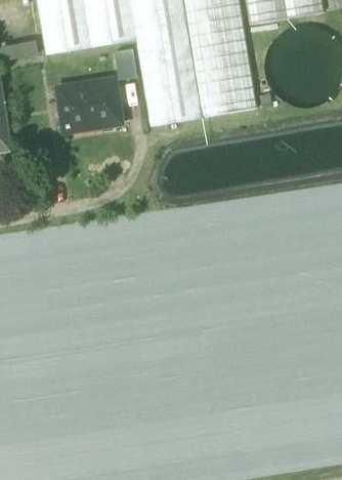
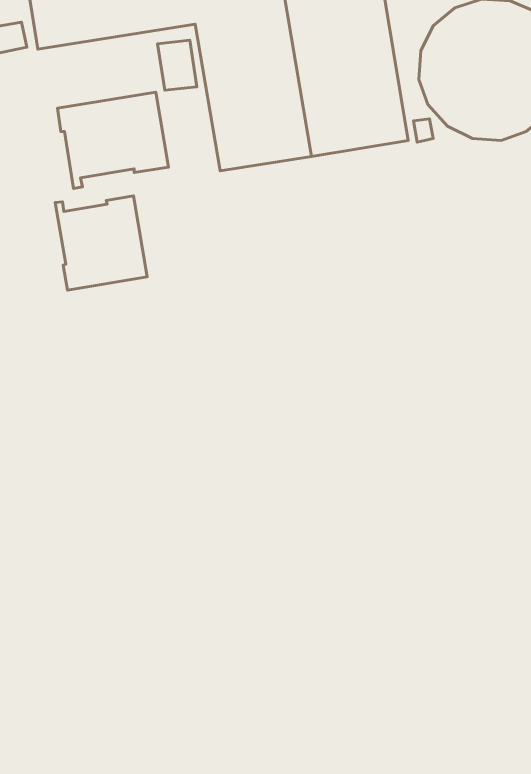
building: none -> [55,196,147,290]

